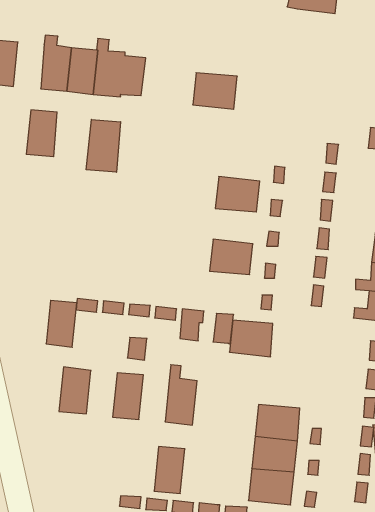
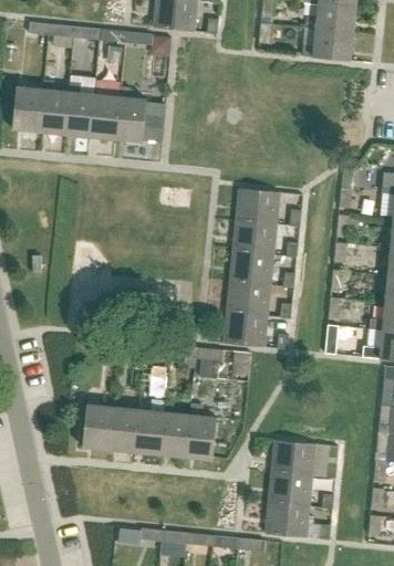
building: [193,73,237,109] -> [237,188,280,223]
building: [26,110,57,157] -> [38,88,68,134]
building: [86,119,121,172] -> none
building: none -> [231,250,273,284]
building: [46,300,77,347] -> [108,407,138,452]
building: [229,320,273,357] -> [225,311,267,346]
building: [154,447,185,493] -> [159,411,189,457]

